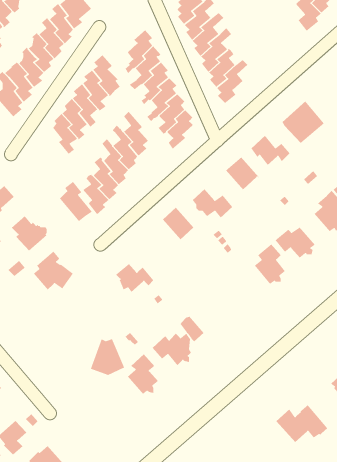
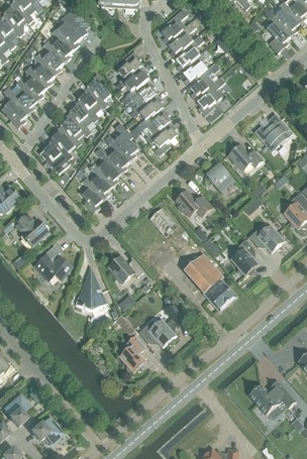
building: [58,181,93,222] -> [39,137,70,174]
building: none -> [183,254,237,313]
building: [90,338,125,376] -> [76,276,107,310]

